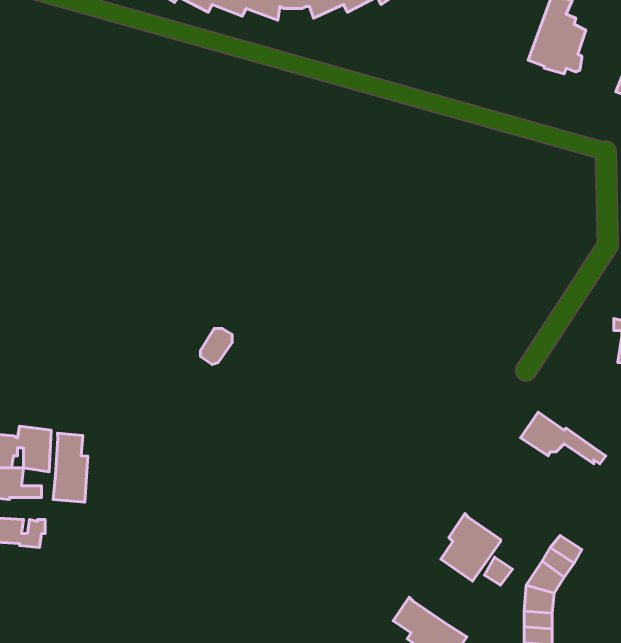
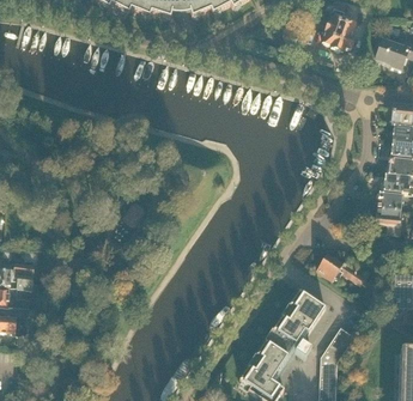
building: [53,433,88,502] -> none
building: none -> [285,288,326,333]
building: none -> [251,339,287,379]

